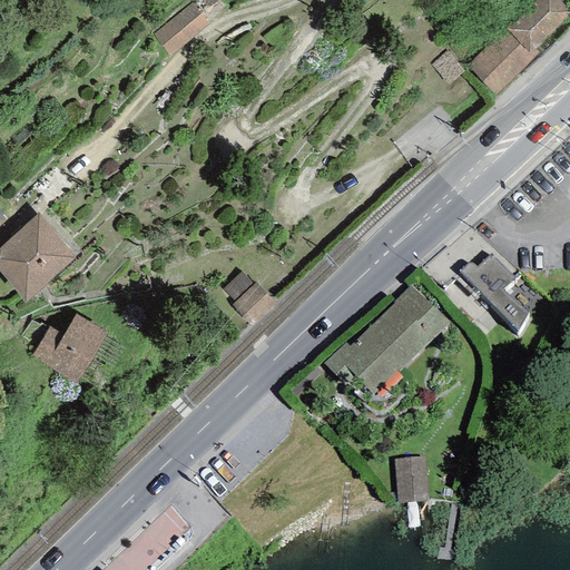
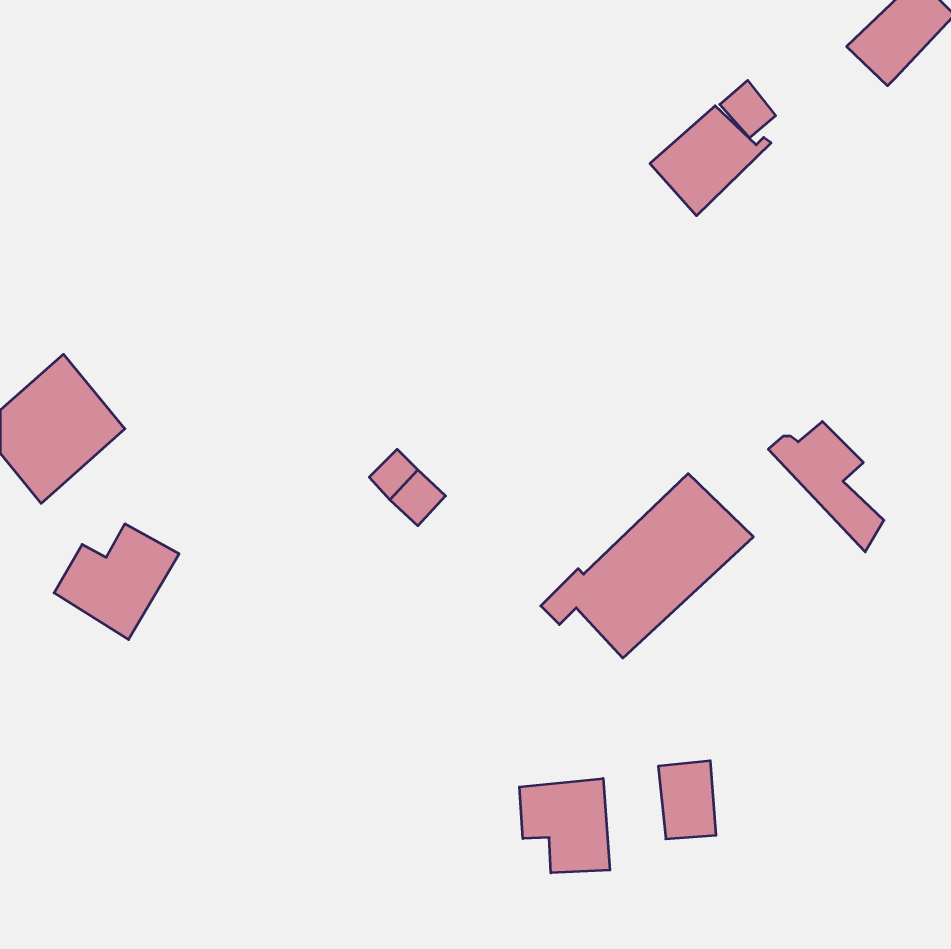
building: [157,11,204,56] -> none
building: [468,28,540,94] -> [650,106,771,216]
building: none -> [519,778,610,873]

